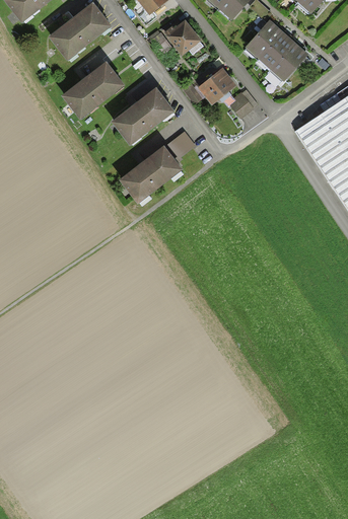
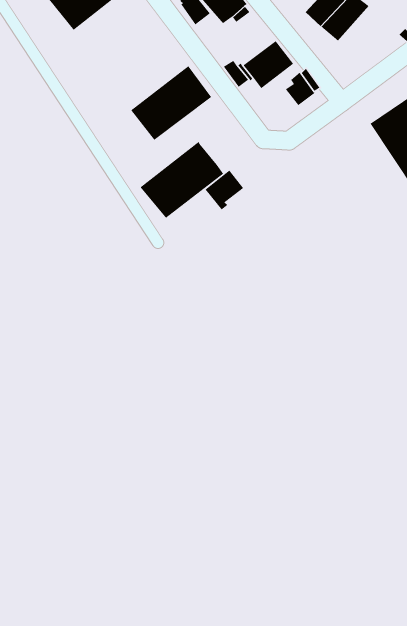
building: [271,41,309,81] -> none
building: [62,60,125,119] -> none
building: [165,131,196,162] -> [204,170,244,211]

